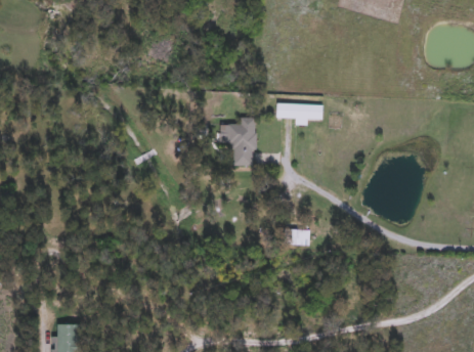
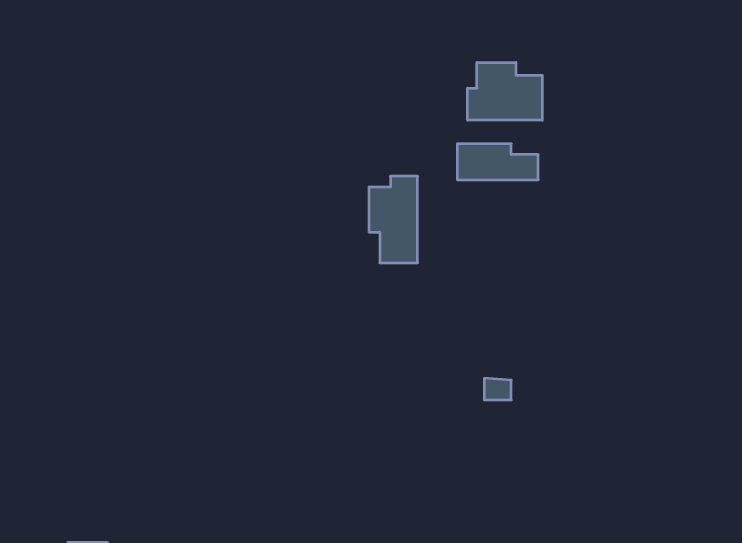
building: none -> [468,62,542,120]

